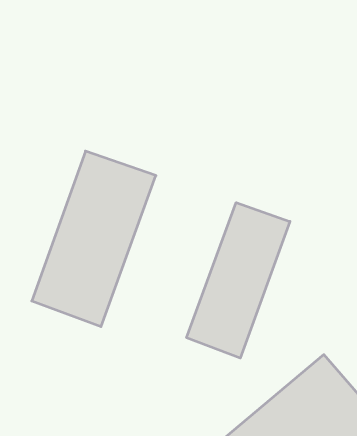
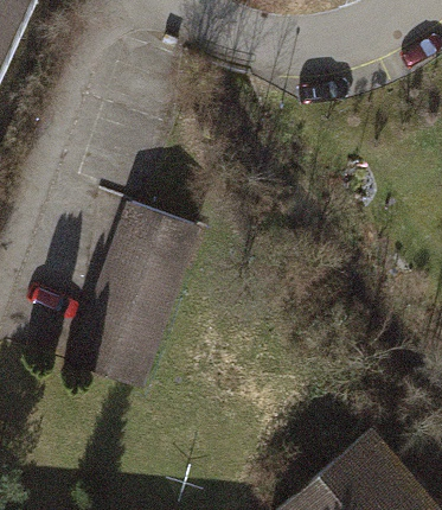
building: [187,203,290,358] -> none

